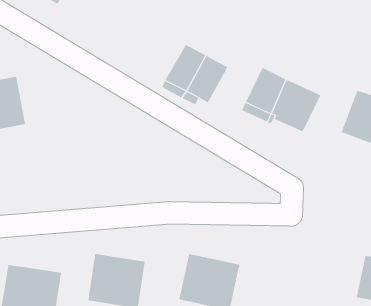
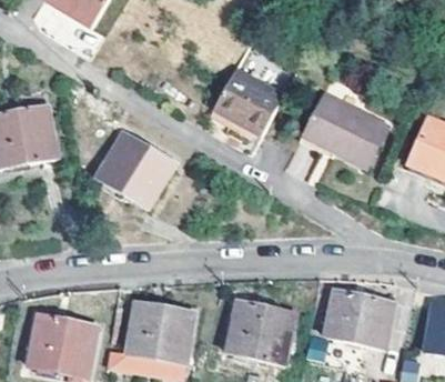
building: none -> [97,131,174,208]
building: none -> [325,290,393,348]

